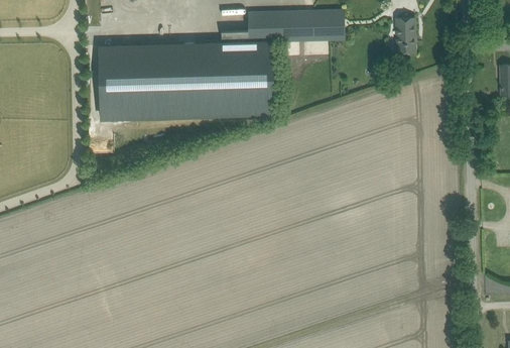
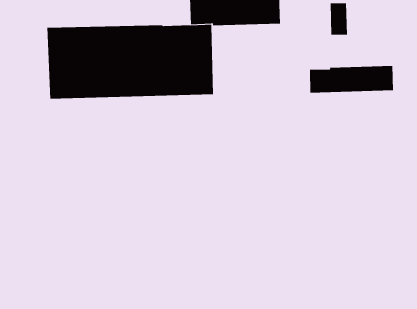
building: none -> [309,65,394,93]

